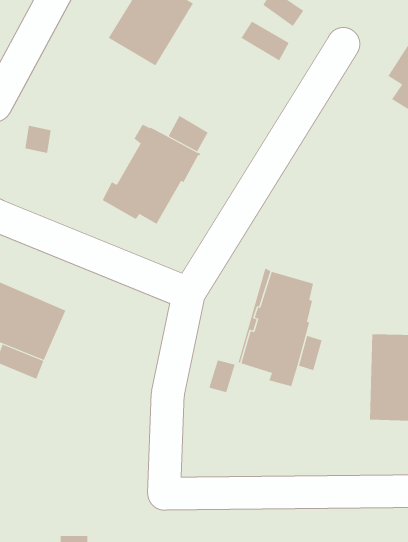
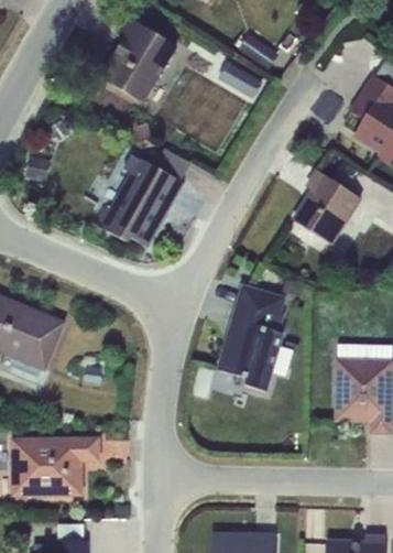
building: none -> [293,170,362,245]
building: none -> [9,437,98,494]

